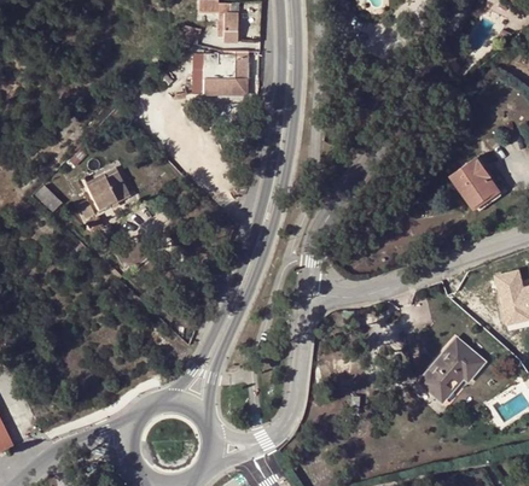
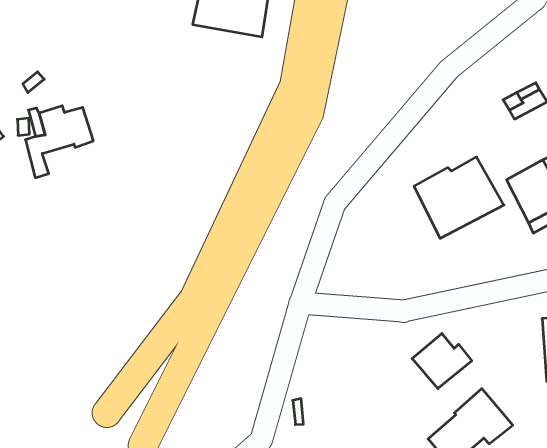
building: none -> [414,157,504,238]
building: none -> [412,333,472,389]

